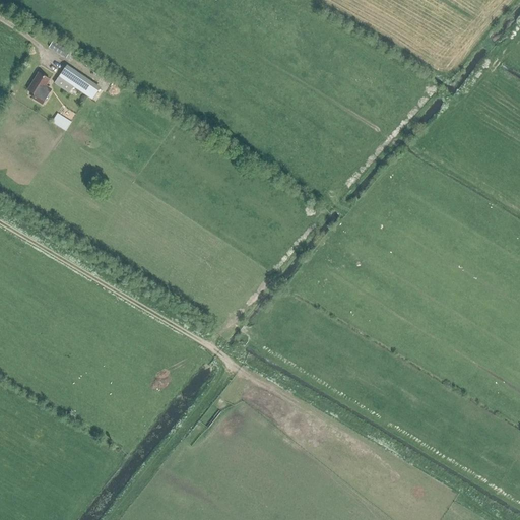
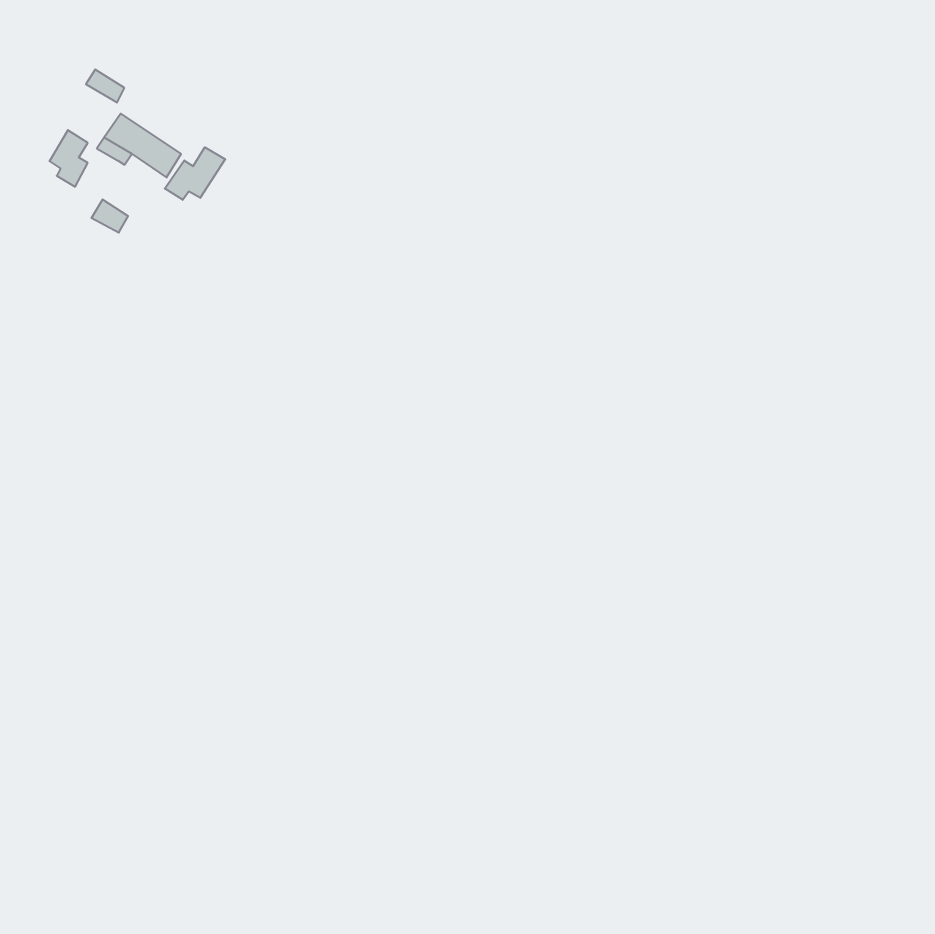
building: none -> [165,147,225,200]

